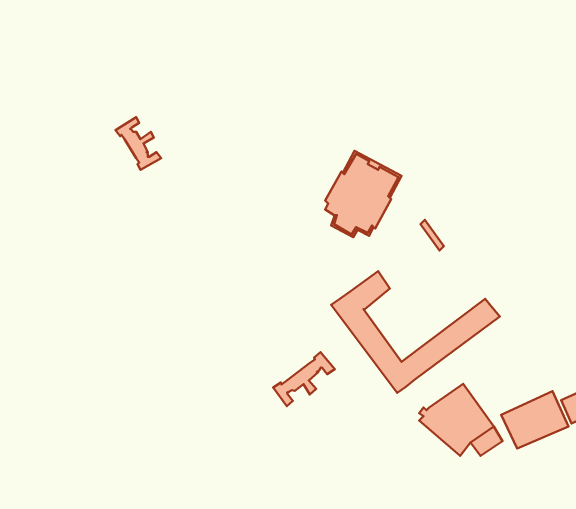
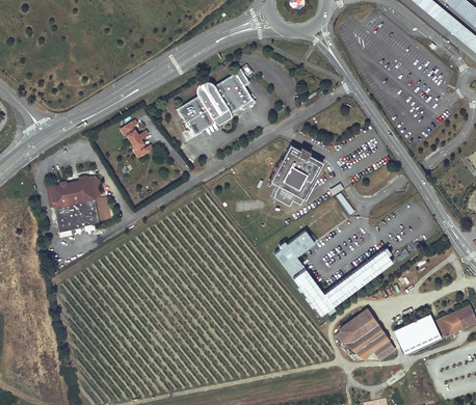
building: none -> [178,71,256,136]
building: none -> [48,177,101,239]
building: [273,352,335,406] -> none

